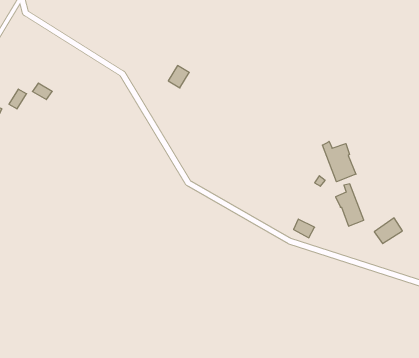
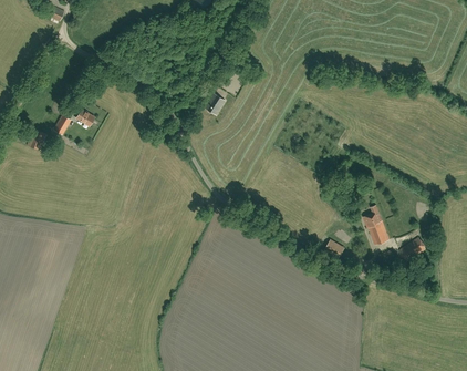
building: [322,141,356,182] -> none

